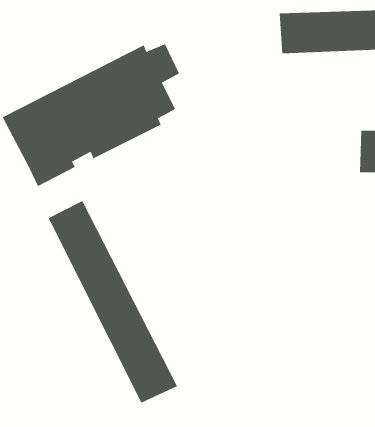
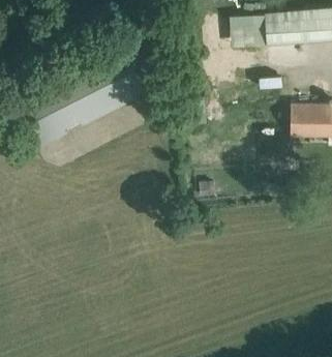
building: [48,200,178,403] -> none

